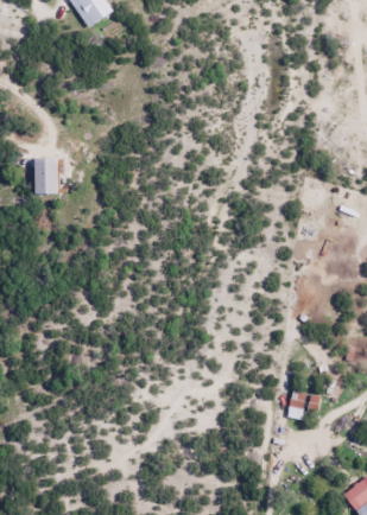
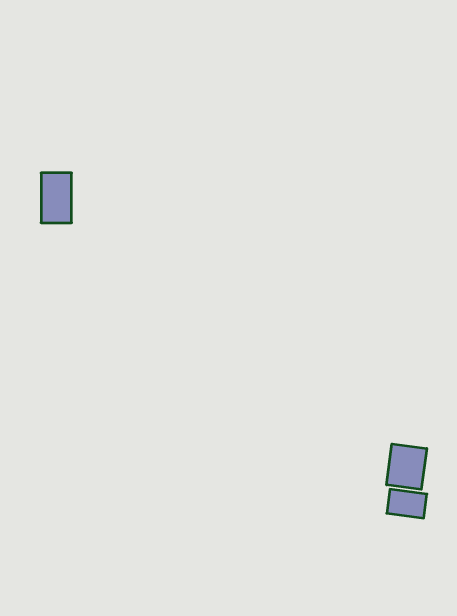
building: none -> [387,444,427,489]

